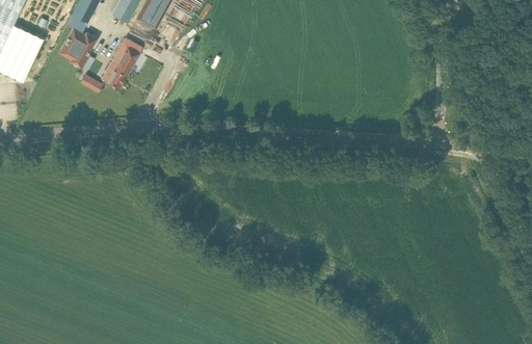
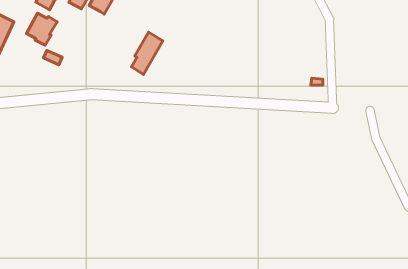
building: [103,37,141,89] -> [132,32,163,75]

